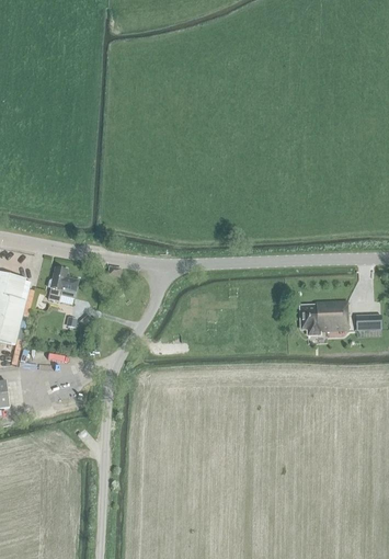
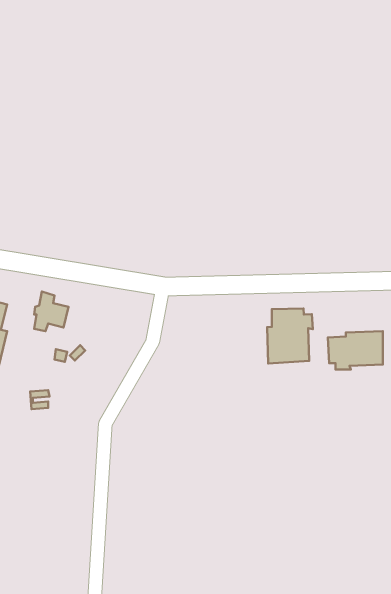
building: none -> [267,308,313,363]

